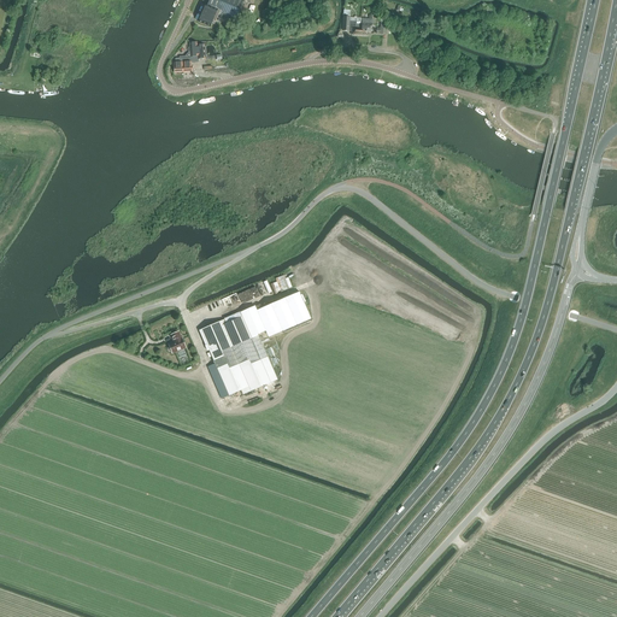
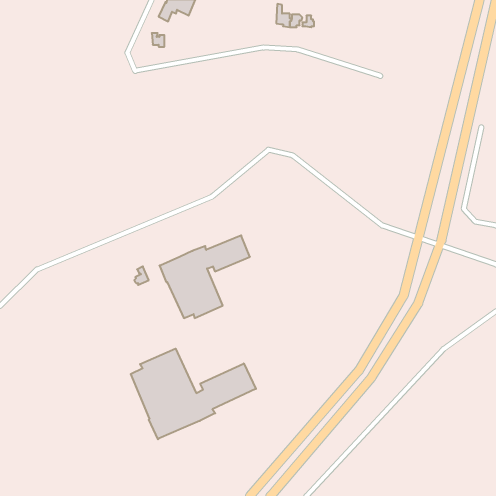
building: none -> [131,349,256,439]

